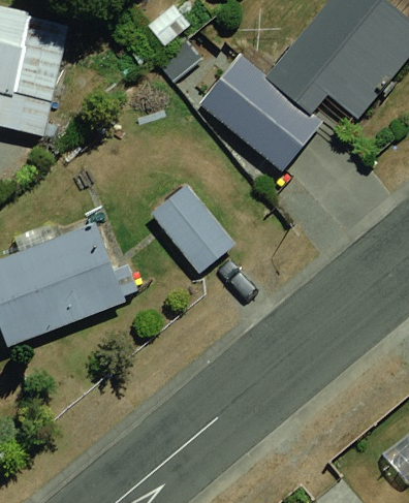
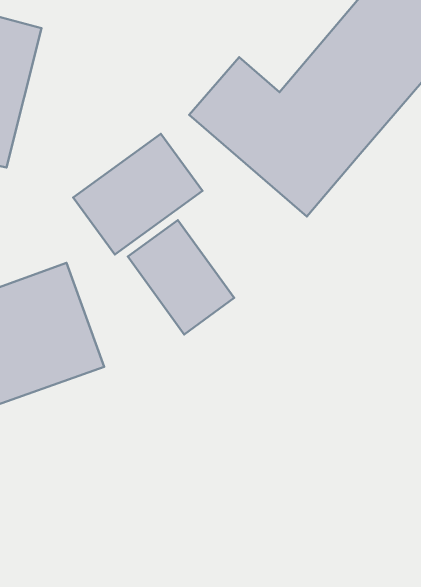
building: none -> [73,134,202,255]

